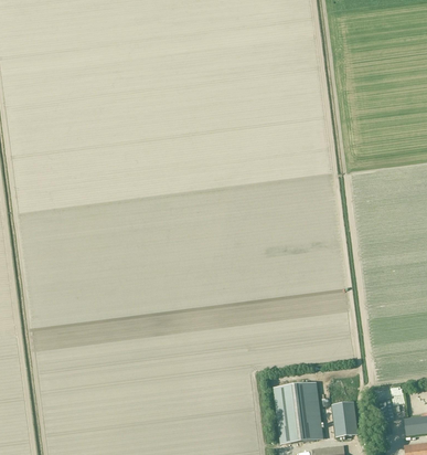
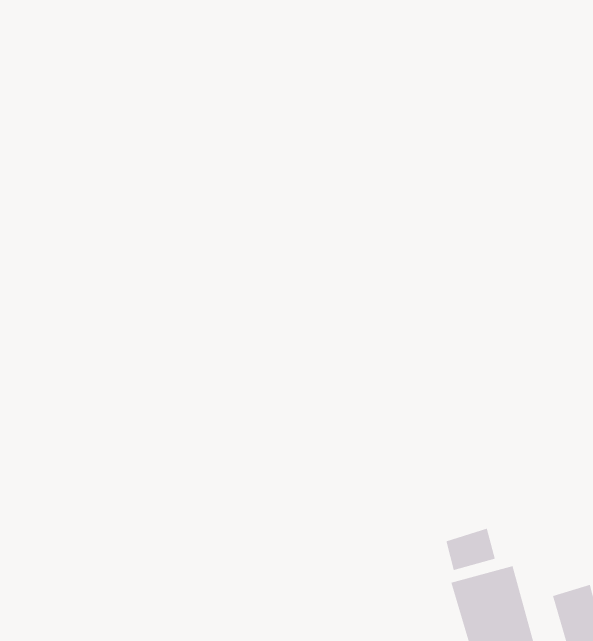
building: none -> [446,528,495,571]

